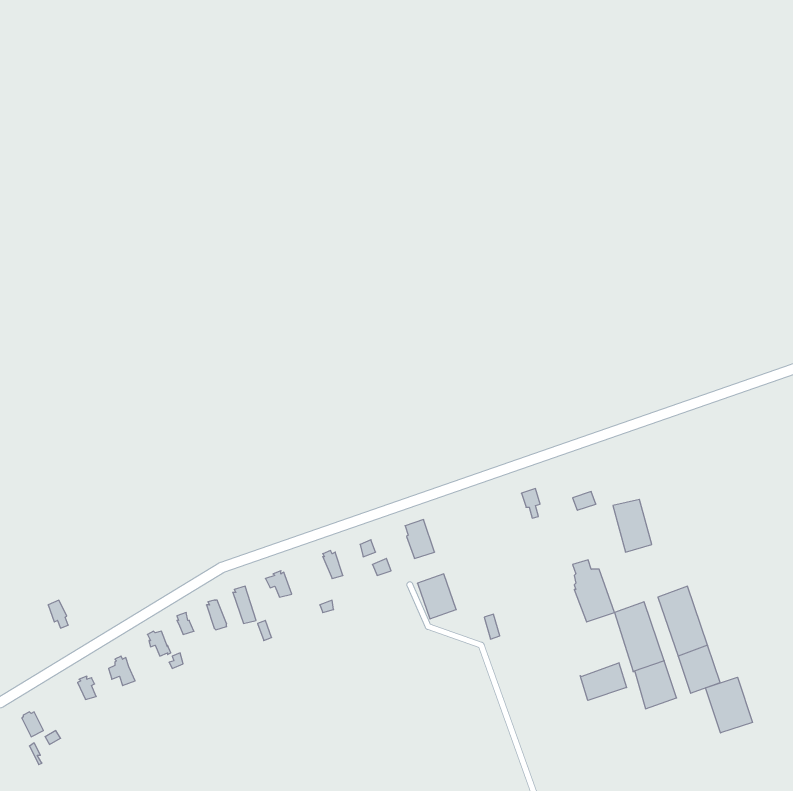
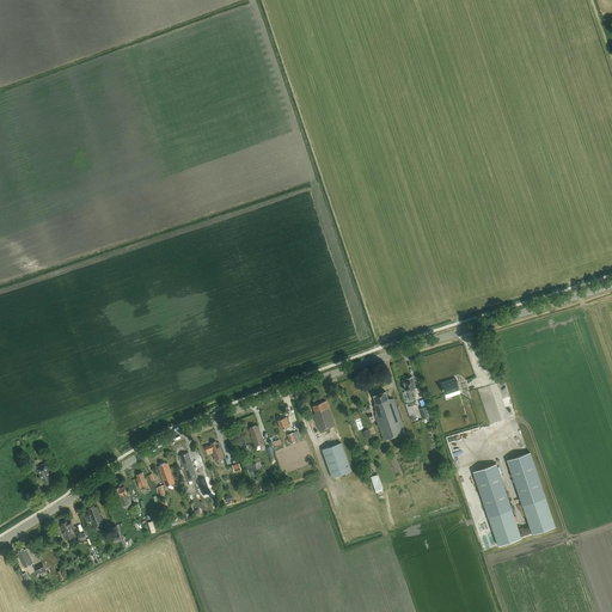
building: [573,560,615,622] -> [373,393,405,441]
building: [580,663,627,700] -> none
building: [706,677,753,733] -> none

